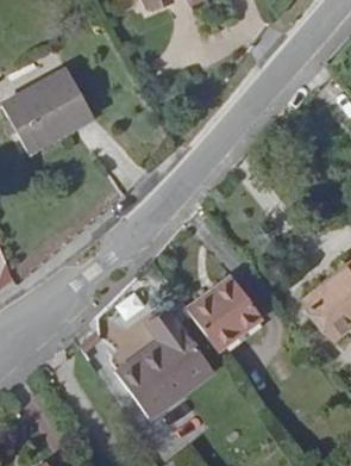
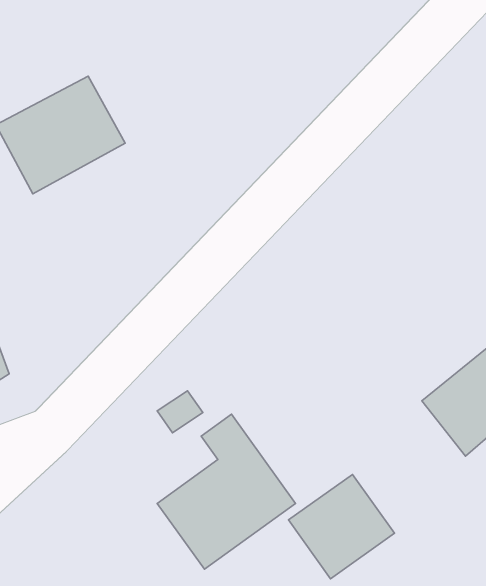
building: [188,277,263,350] -> [288,474,394,579]

